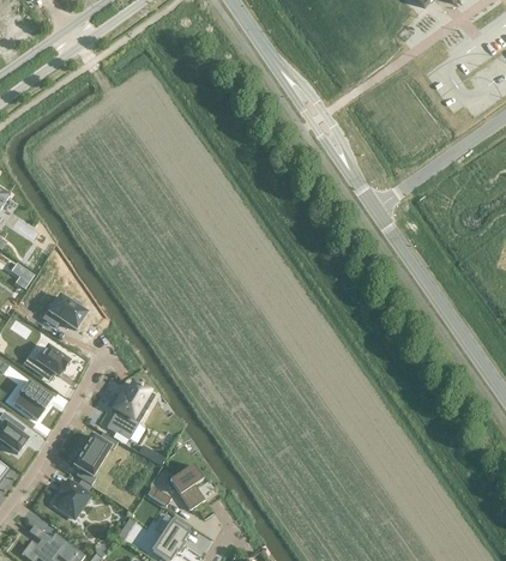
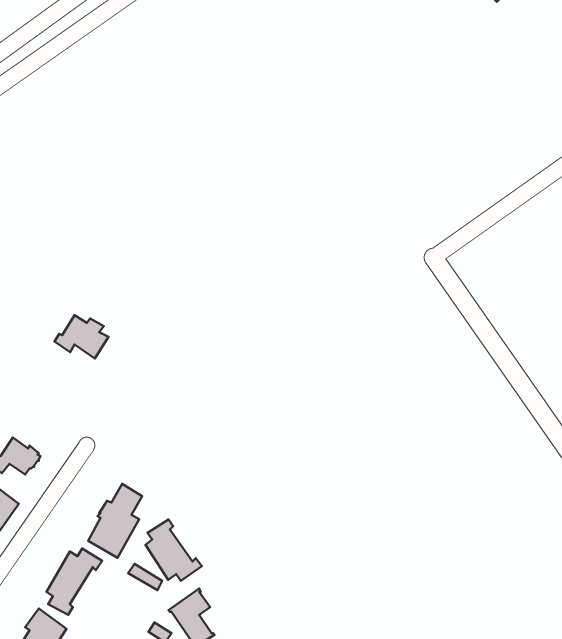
building: [43,295,85,328] -> [55,315,109,358]
building: none -> [145,519,202,581]

